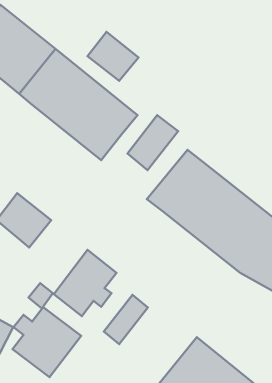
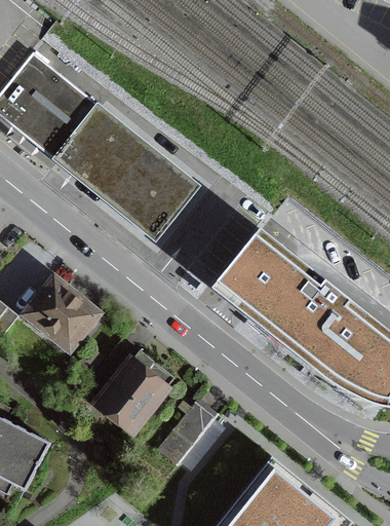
building: [87,32,139,81] -> none
building: [127,115,178,170] -> none
building: [13,307,81,377] -> none

